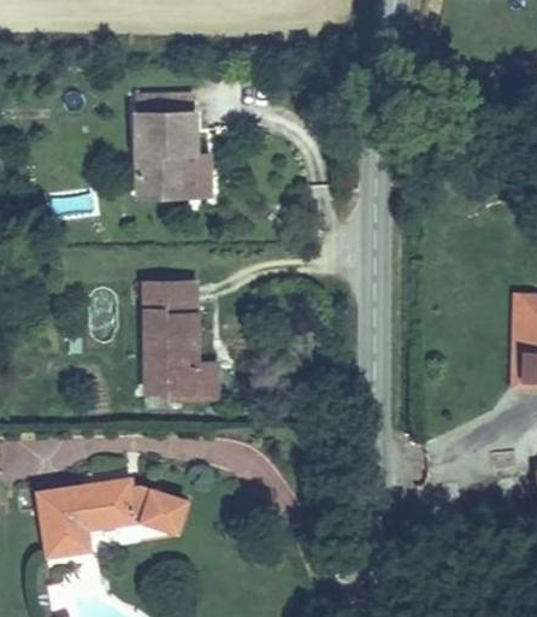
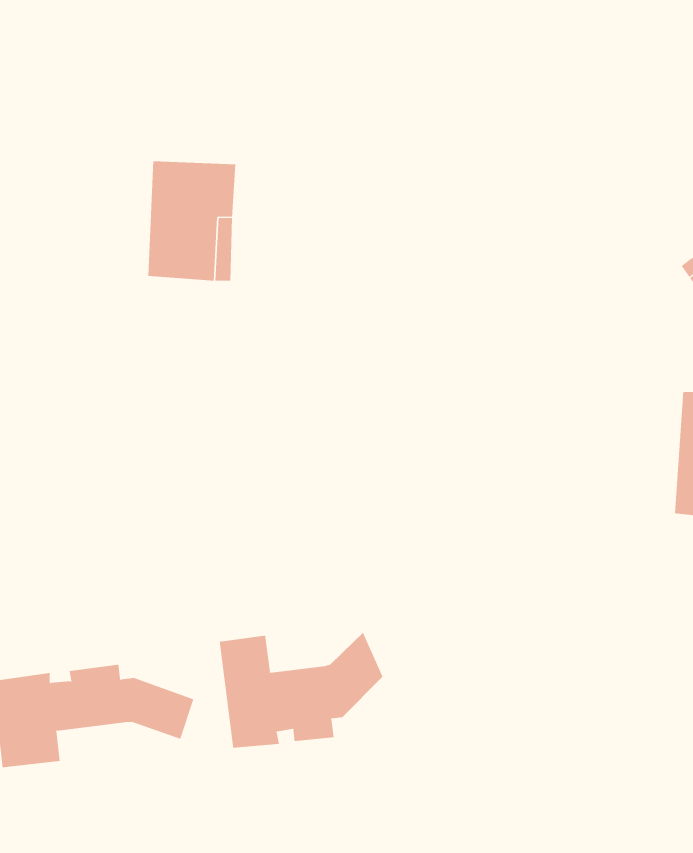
building: [144,281,216,407] -> none
building: none -> [219,632,383,749]

